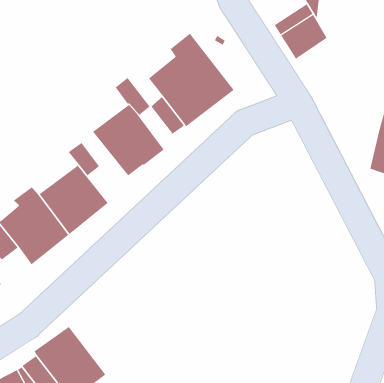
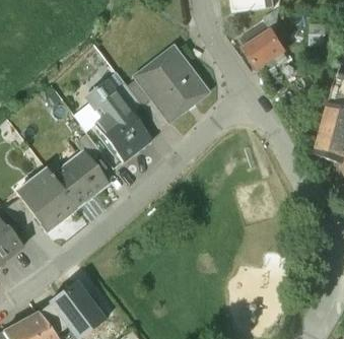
building: none -> [82,79,124,121]

